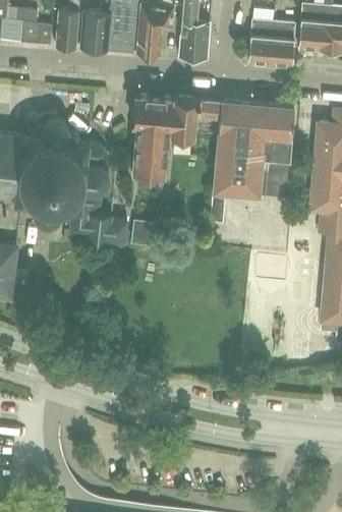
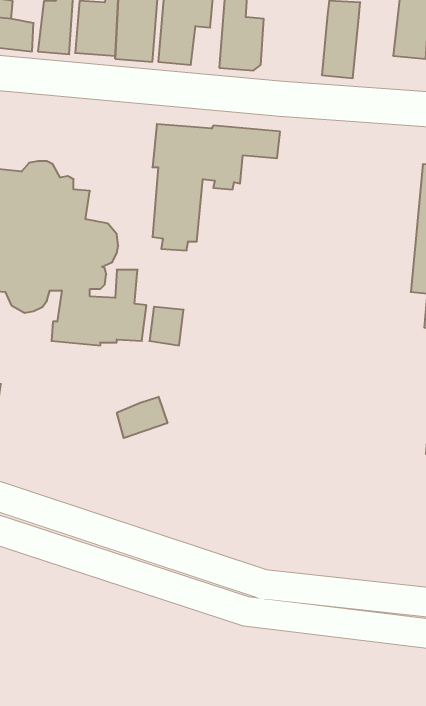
building: [271,22,296,66] -> none
building: [210,101,294,224] -> none
building: none -> [117,397,167,438]

